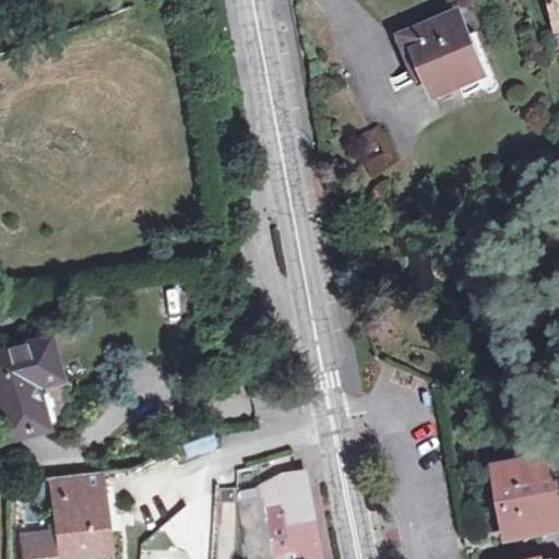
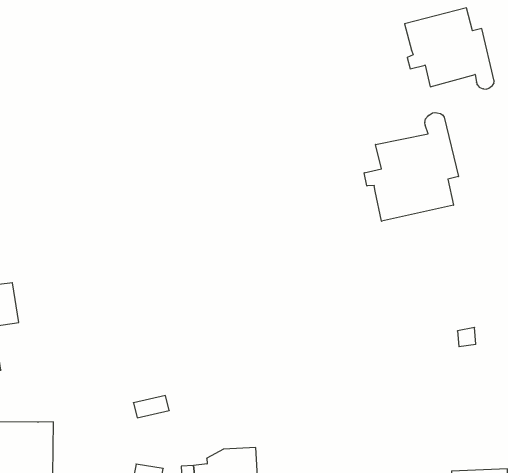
building: none -> [364,113,458,221]

